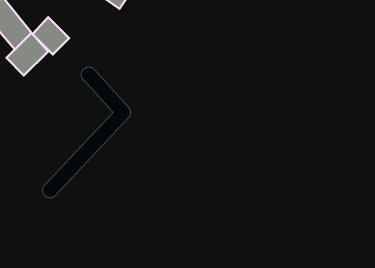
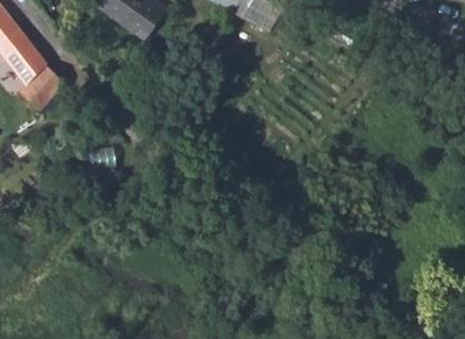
building: [33,17,69,54] -> none

